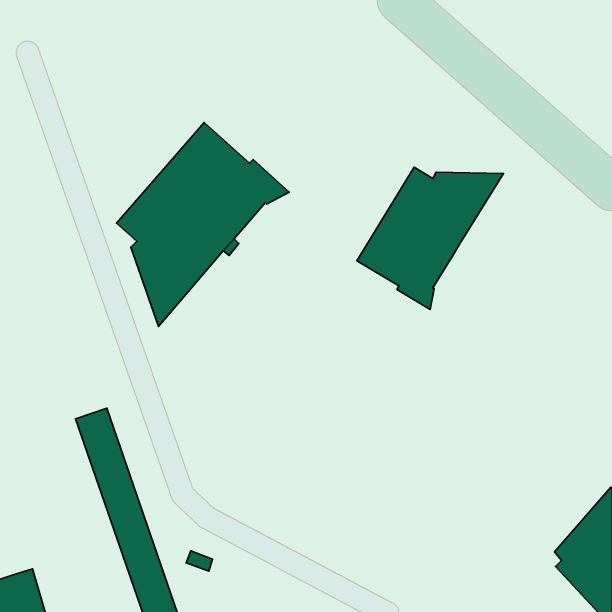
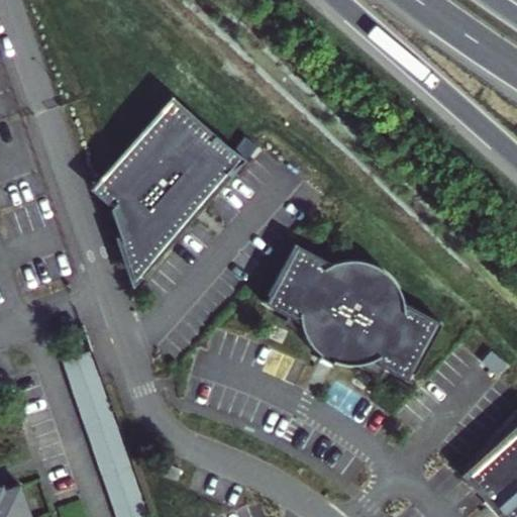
building: [357,167,503,309] -> none
building: none -> [263,246,443,385]

